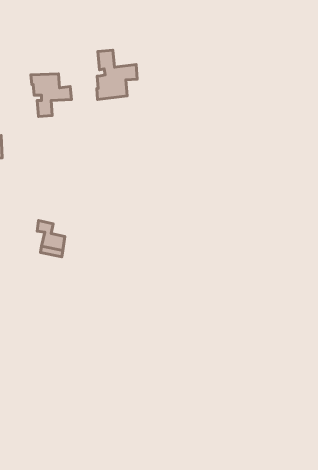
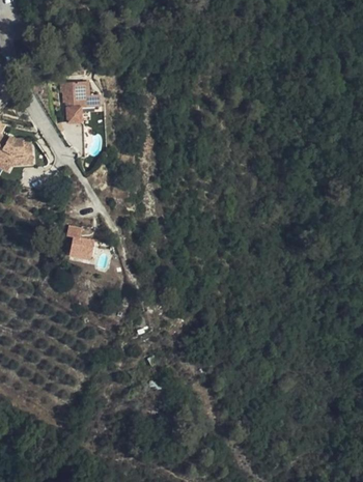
building: [97,50,137,100] -> none

